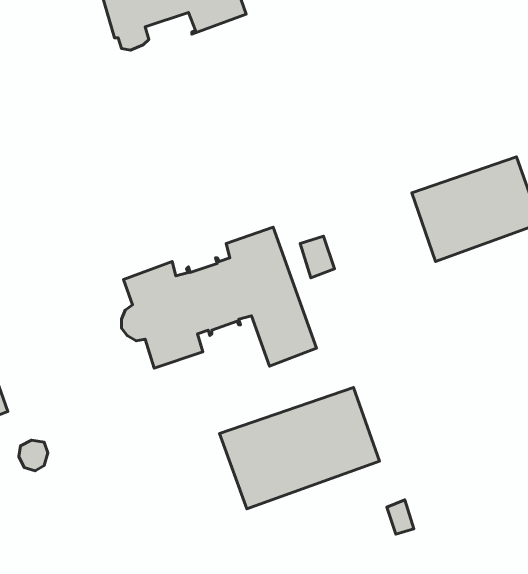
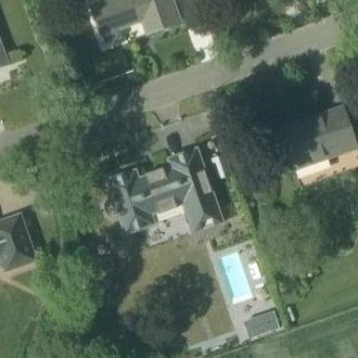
building: [220,387,379,509] -> none

